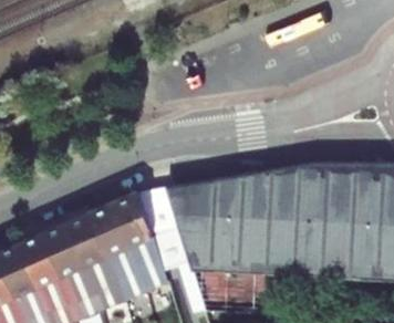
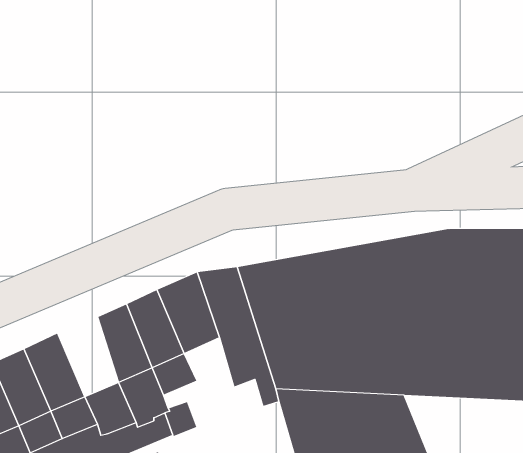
building: [42,221,84,277] -> none
building: [129,236,165,284] -> none

